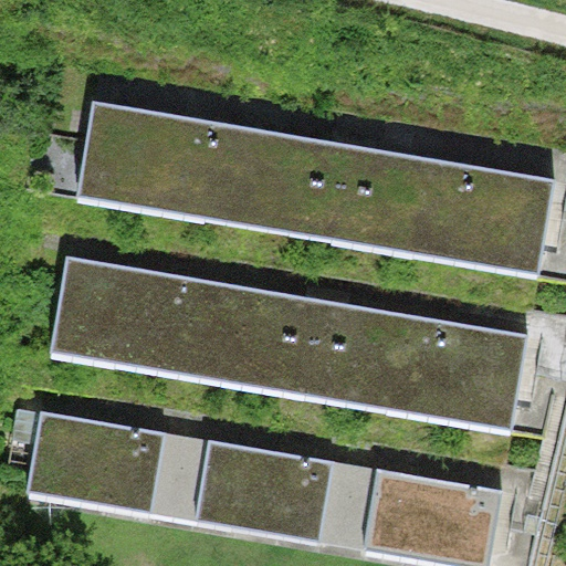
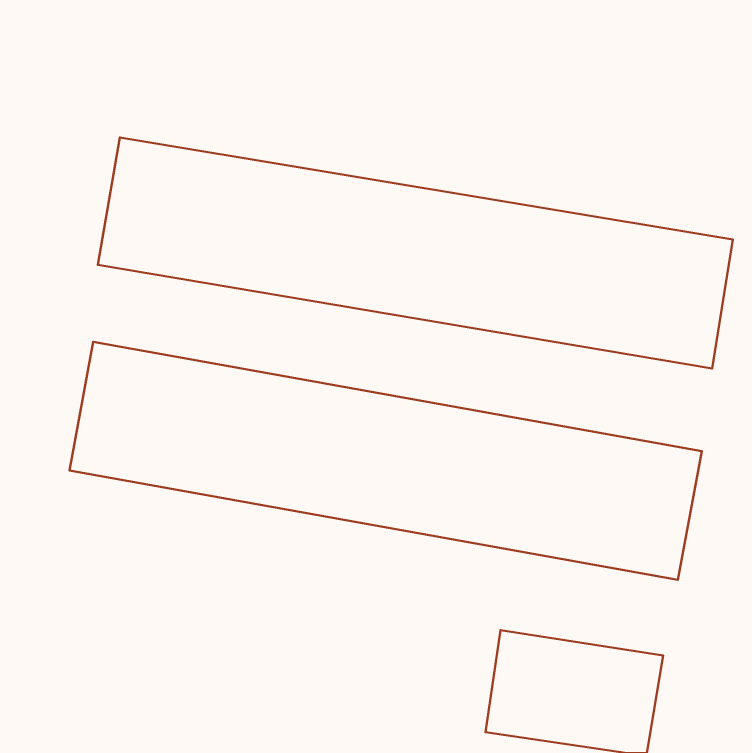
building: [33,415,166,510] -> none
building: [200,443,333,538] -> none

